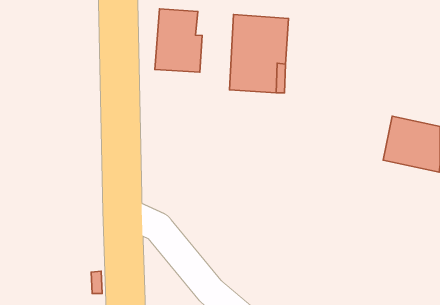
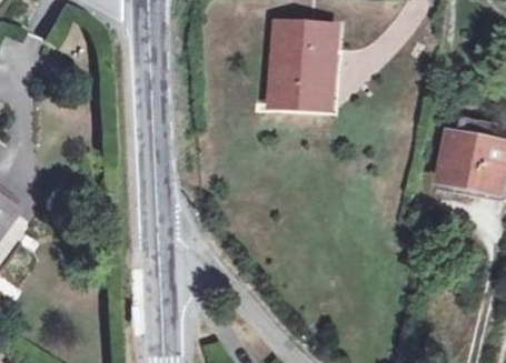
building: [155,9,202,72] -> none

